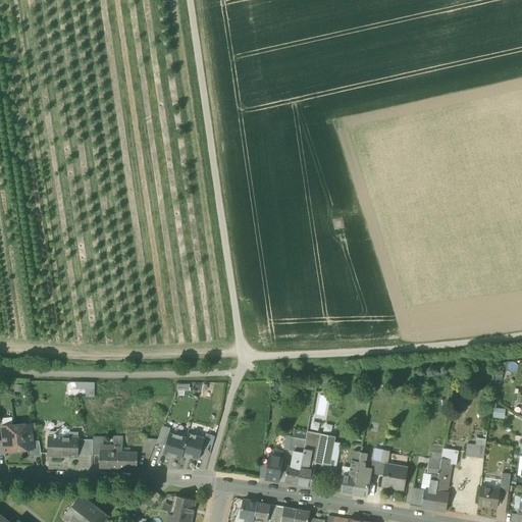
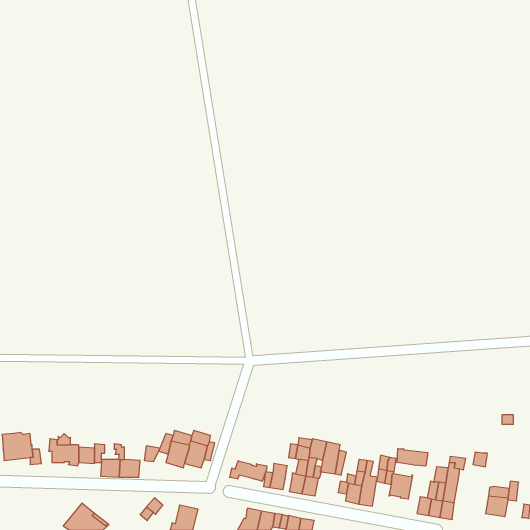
building: none -> [397,449,428,466]
building: none -> [230,461,267,481]

